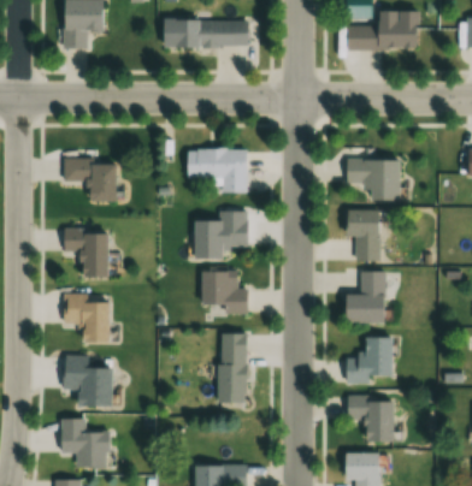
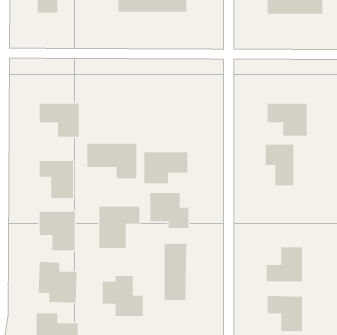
building: [187,148,249,192] -> [87,143,137,179]
building: [346,271,387,322] -> none
building: none -> [99,206,140,249]
building: none -> [102,275,143,317]

